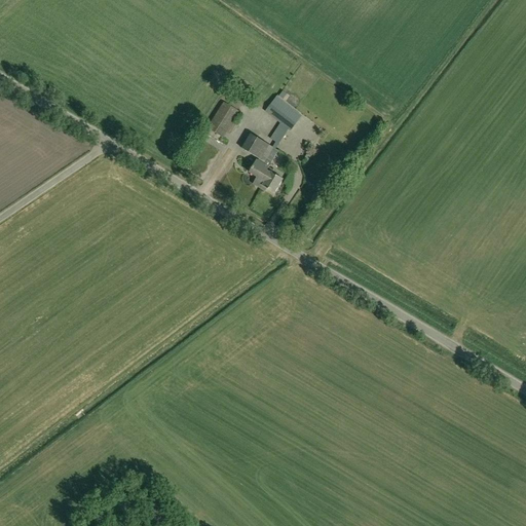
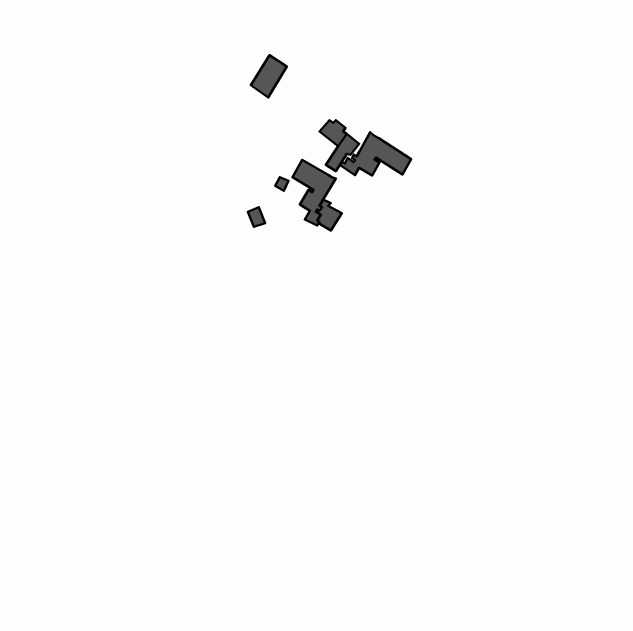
building: [209,101,238,136] -> [251,55,287,97]
building: none -> [340,132,411,176]

